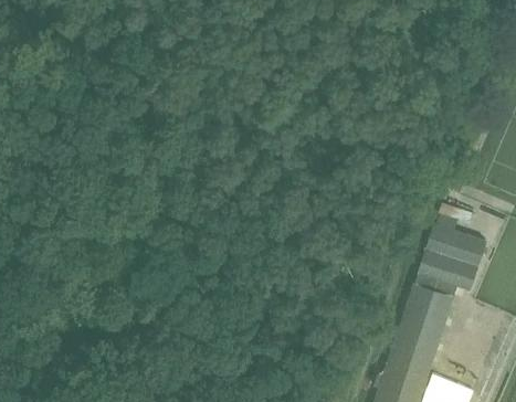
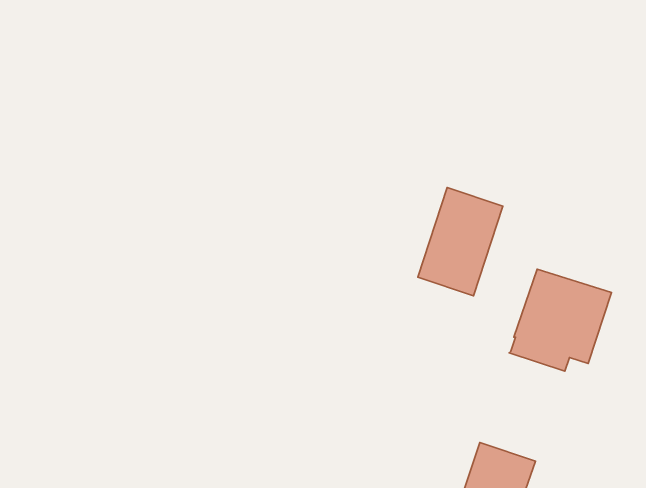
building: [393,279,454,357] -> [418,187,503,296]

